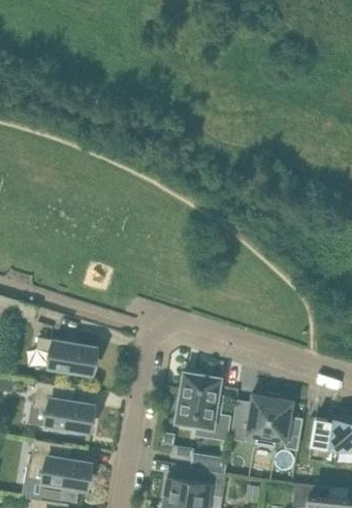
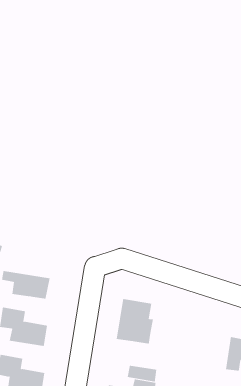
building: [230,395,301,452] -> none

